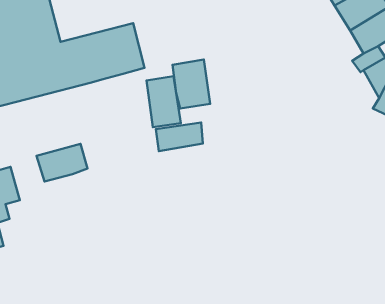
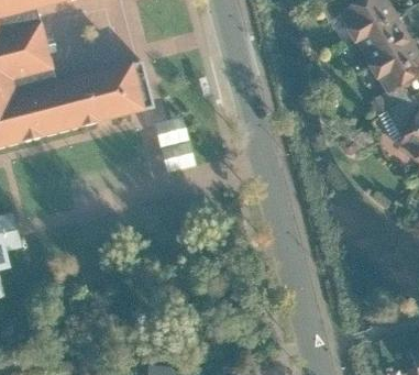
building: [173,59,210,109] -> none
building: [156,122,203,151] -> none
building: [37,144,88,181] -> none

